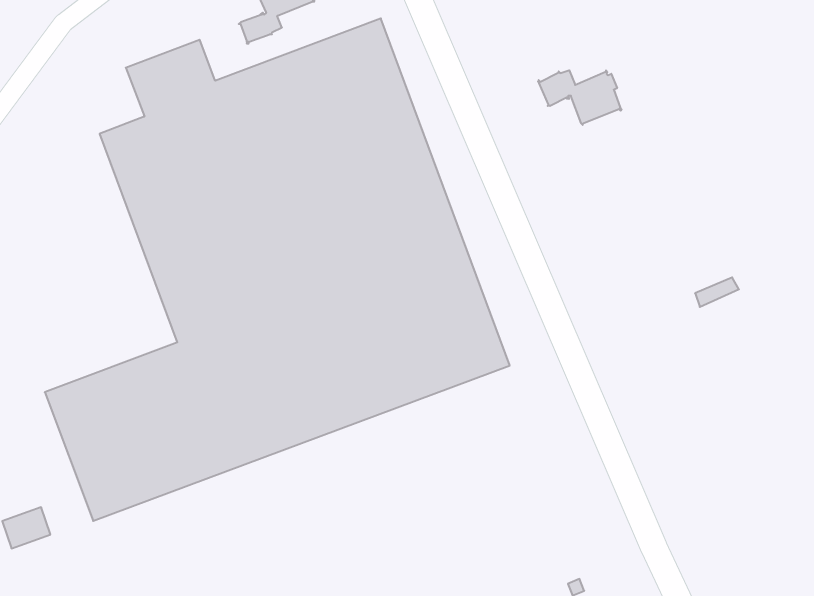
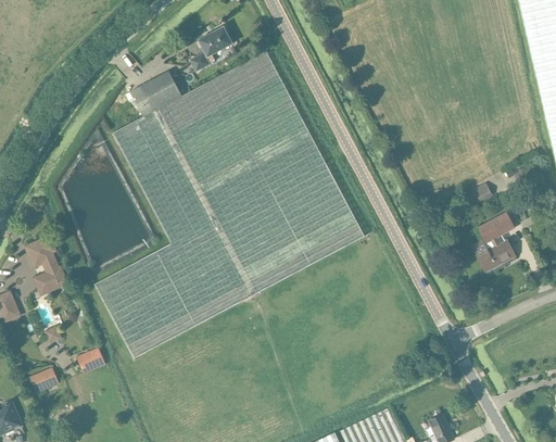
building: [538,70,622,125] -> none
building: none -> [470,213,515,271]

